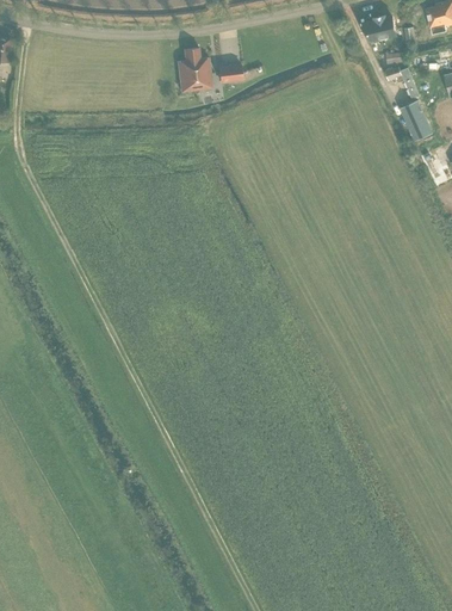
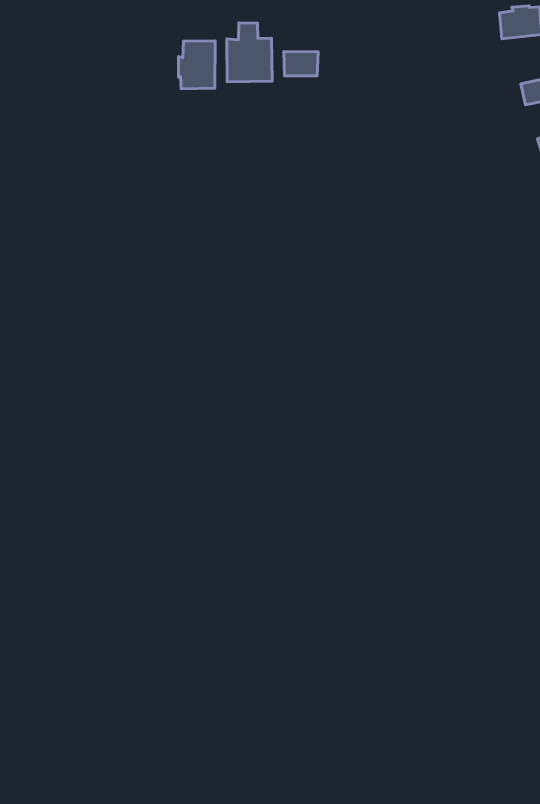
building: none -> [178,41,215,89]

